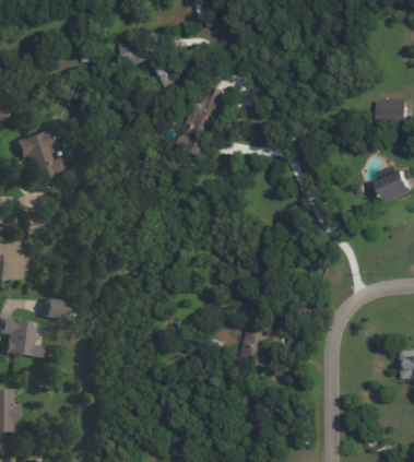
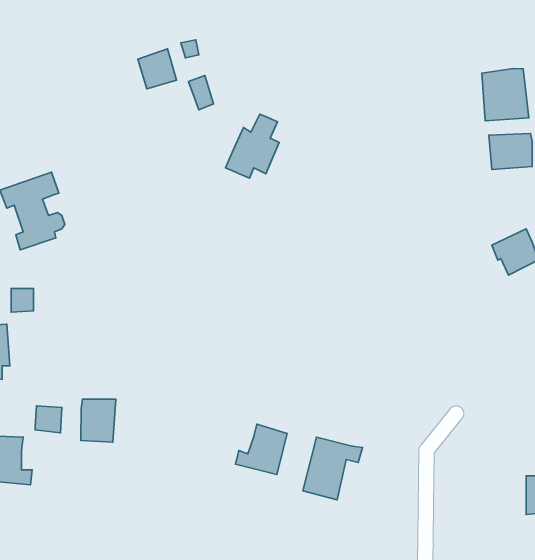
building: none -> [482,69,529,121]
building: none -> [81,399,116,442]
building: none -> [235,424,287,475]

